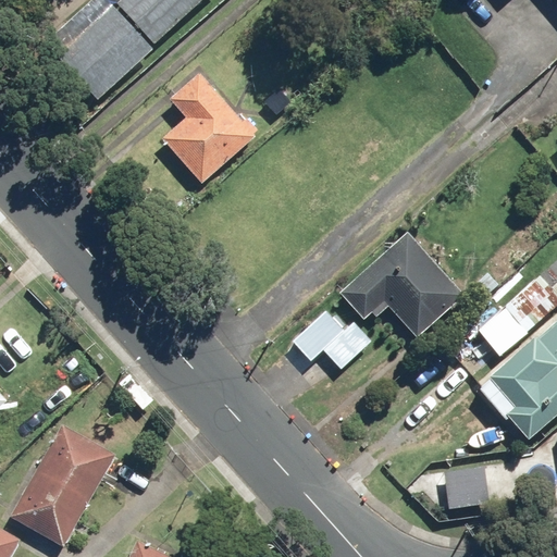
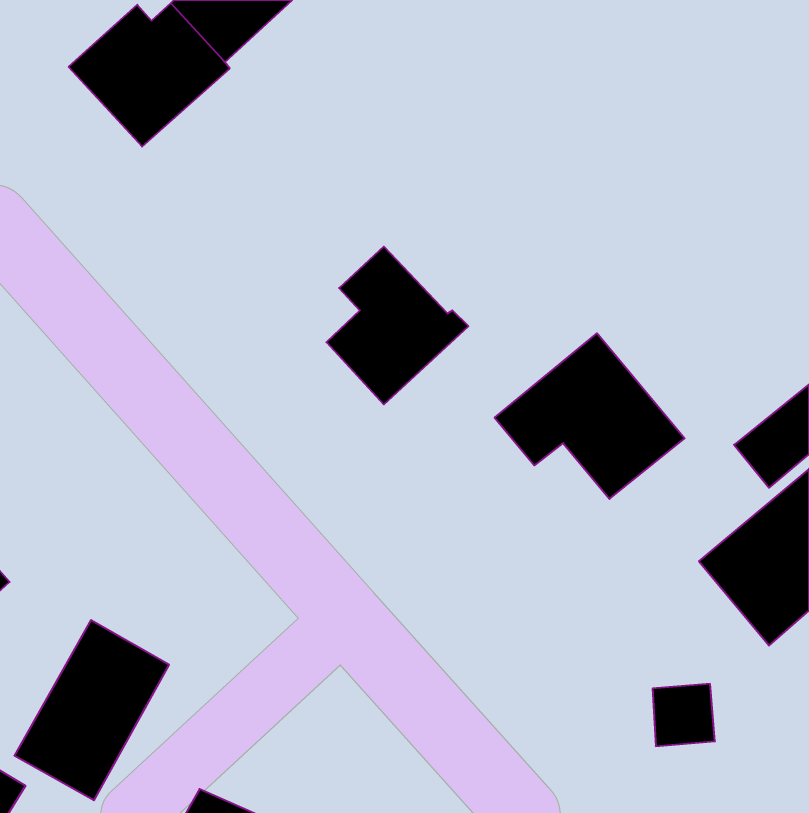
building: [162,74,259,182] -> [326,247,468,404]
building: [286,309,371,374] -> none

